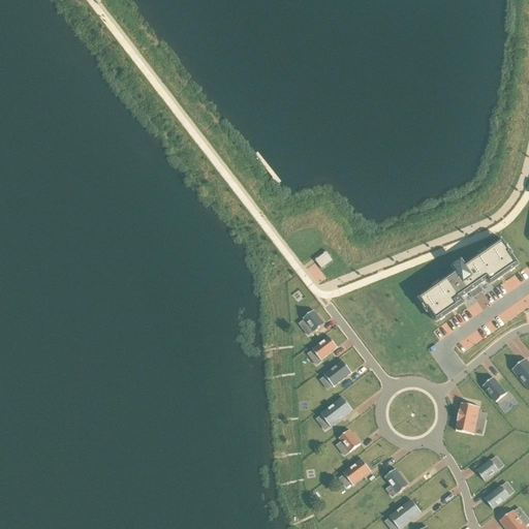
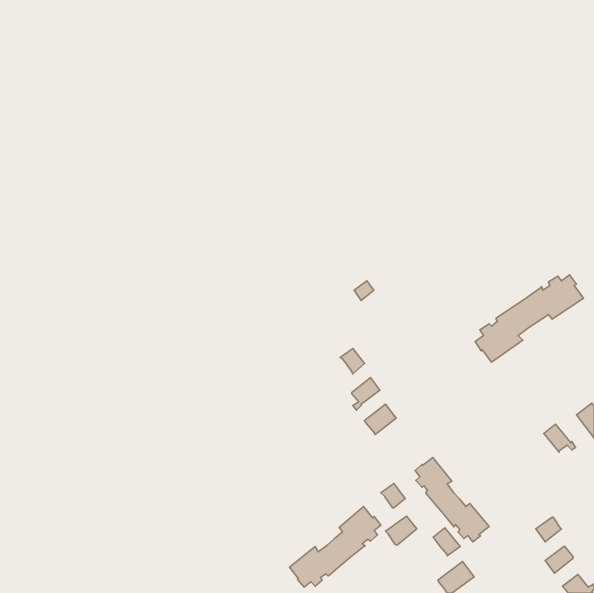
building: [319,396,352,427] -> none
building: [455,402,486,433] -> none
building: none -> [415,457,489,542]
building: none -> [290,506,381,587]

